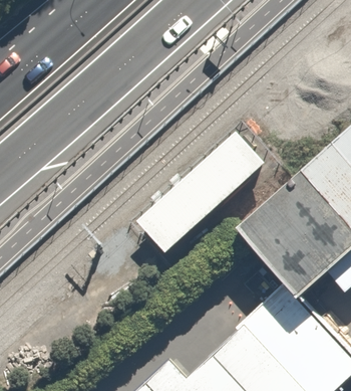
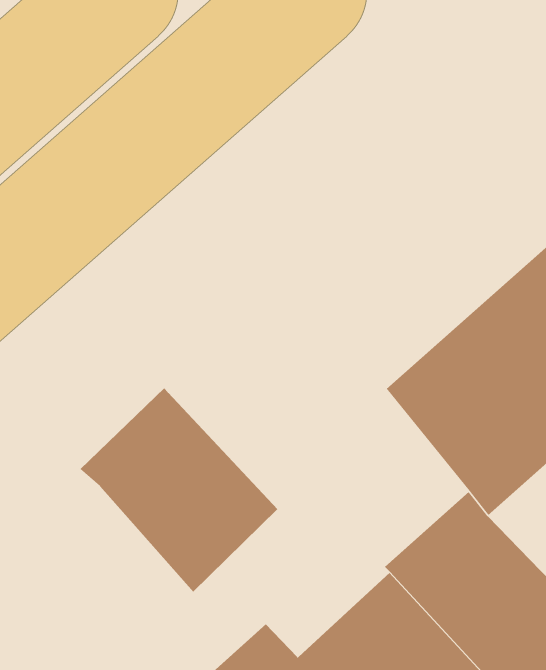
building: [137,131,264,252] -> none
building: none -> [79,387,278,593]

